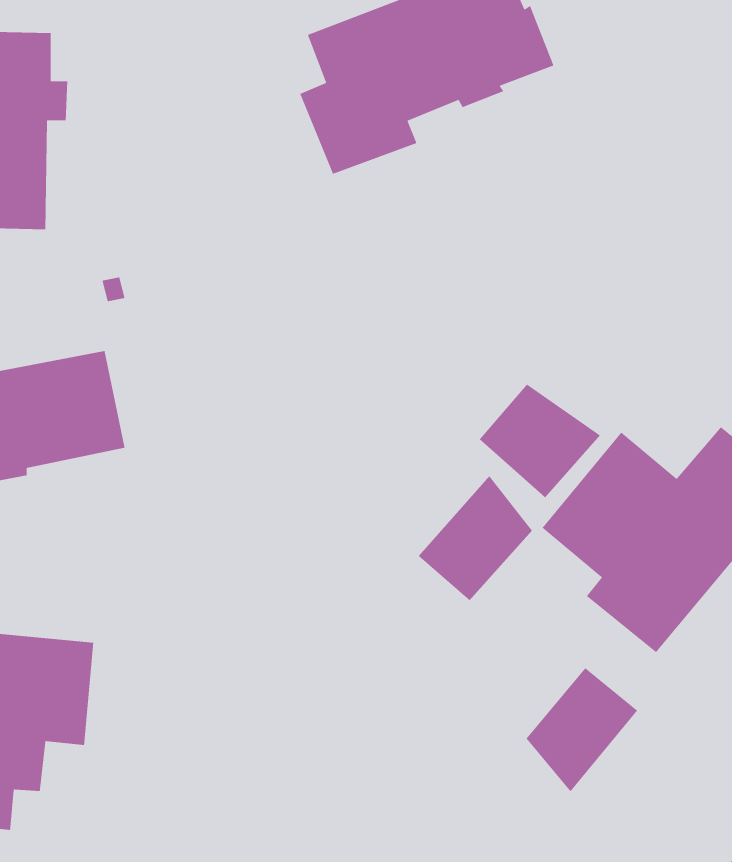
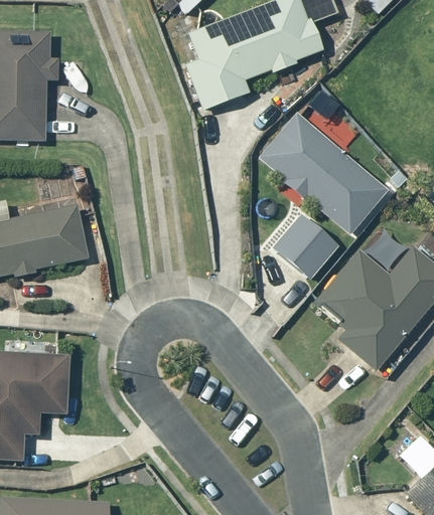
building: none -> [261,117,395,240]
building: [418,475,533,601] -> none
building: [525,667,638,792] -> none

